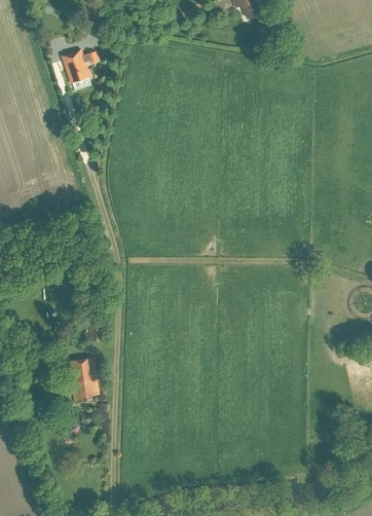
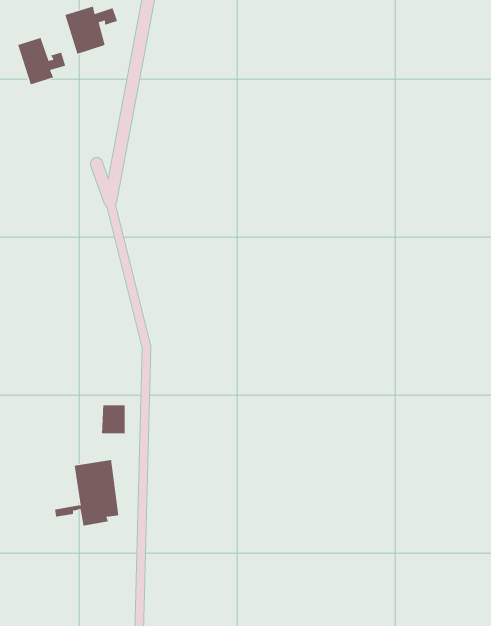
building: none -> [17,37,66,85]

